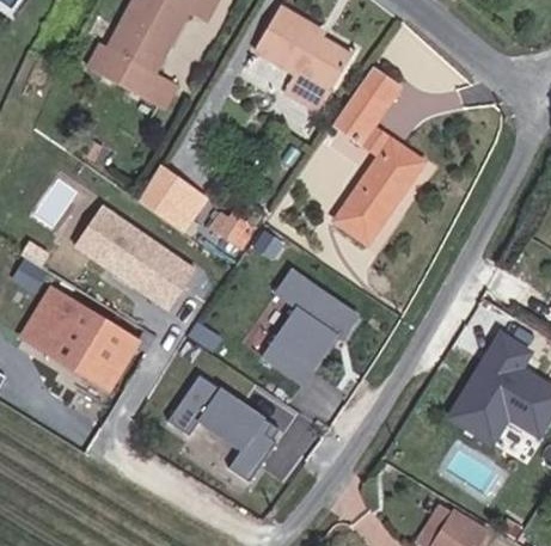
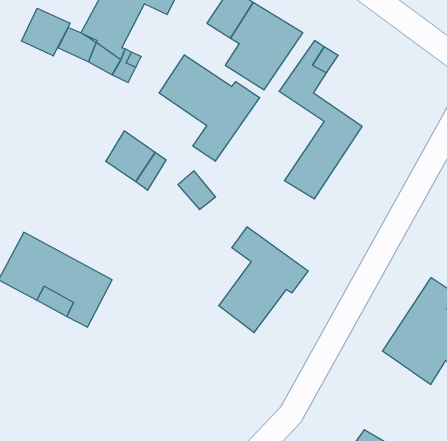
building: none -> [22,8,70,56]
building: none -> [159,55,260,161]
building: [72,201,197,311] -> none
building: [170,373,305,478] -> none

